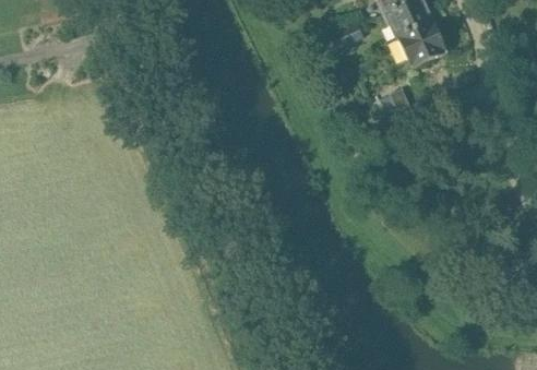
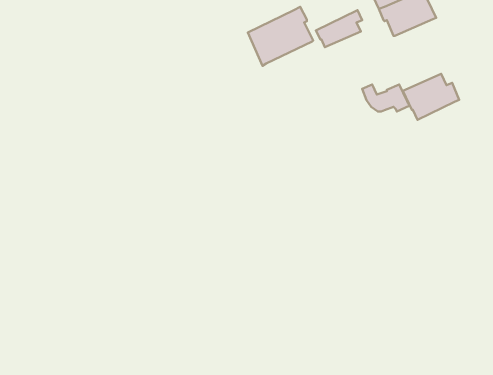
building: none -> [248,7,313,66]
building: [396,22,451,67] -> [403,74,459,120]

